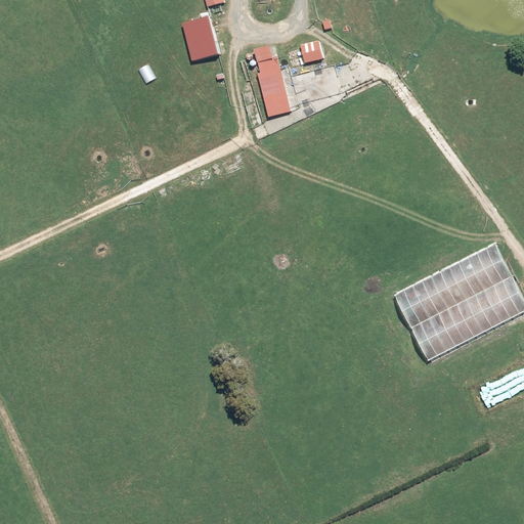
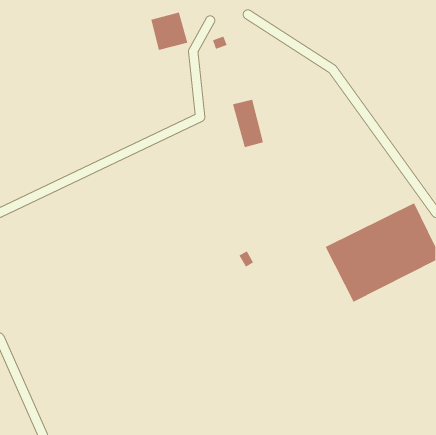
building: [297,37,323,61] -> none
building: [255,57,293,116] -> [232,99,264,148]

